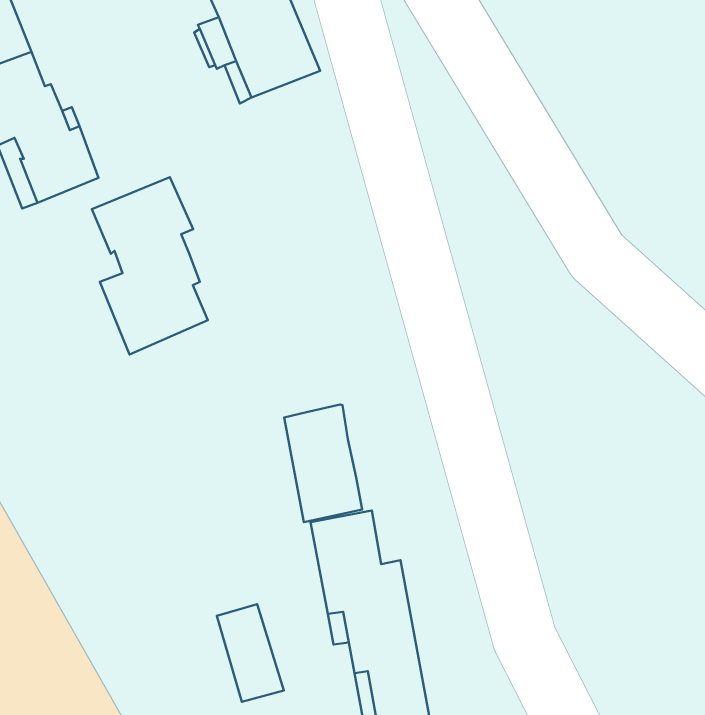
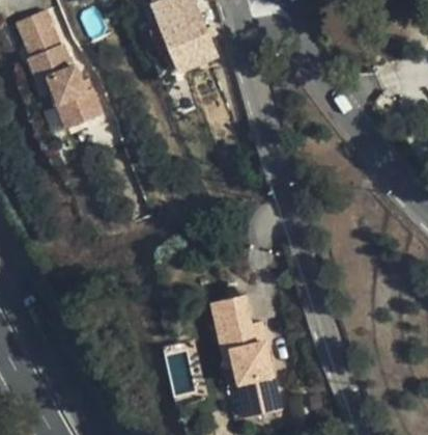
building: [92,177,208,355] -> none
building: [284,405,362,522] -> none

